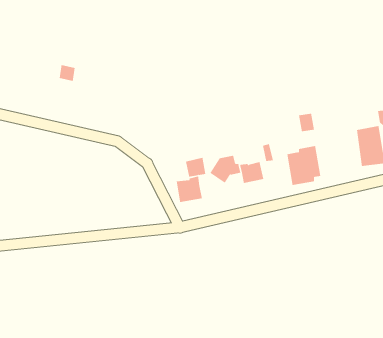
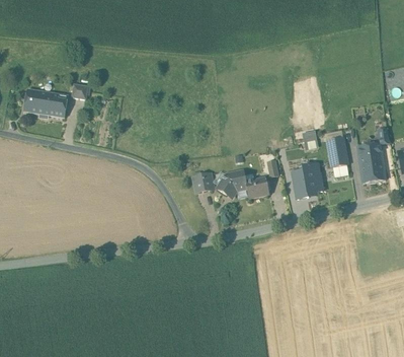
building: none -> [24,88,68,117]
building: none -> [327,137,348,166]
building: [176,175,202,203] -> none

